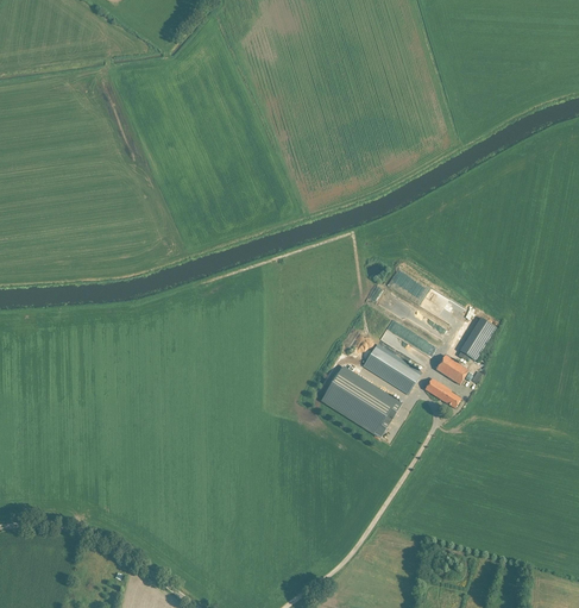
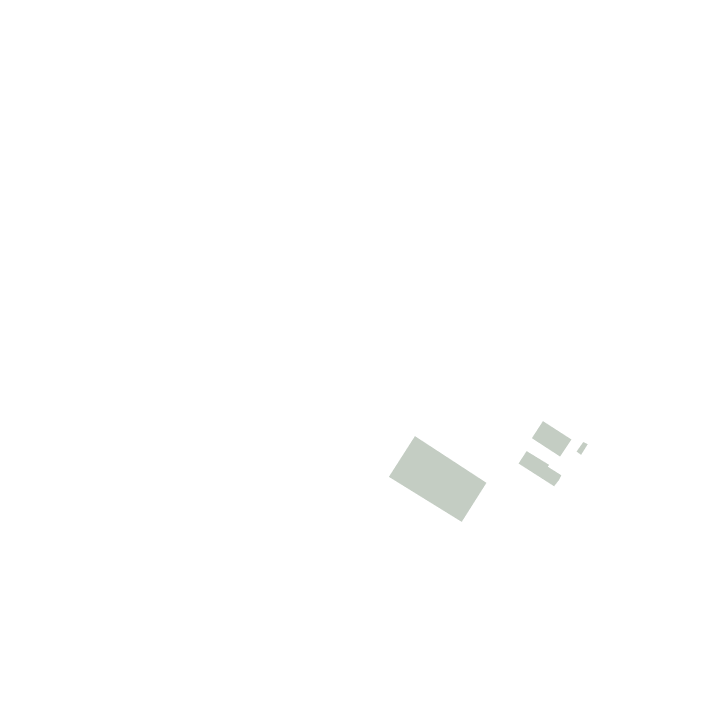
building: [459,315,496,359] -> none
building: [363,343,421,393] -> none

